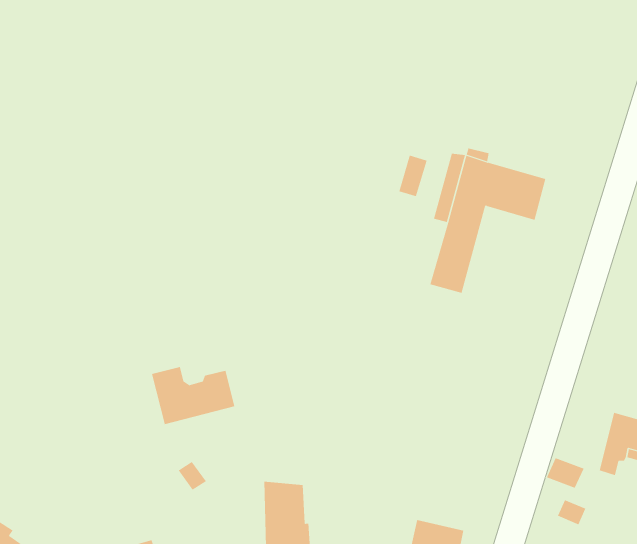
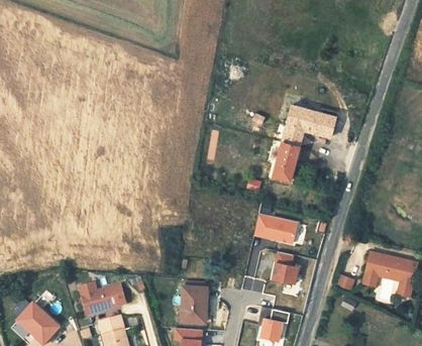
building: none -> [255,214,299,243]
building: [151,367,235,425] -> [77,284,123,317]
building: none -> [272,252,299,284]

